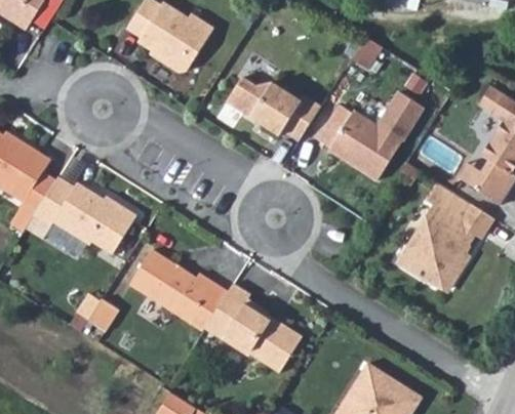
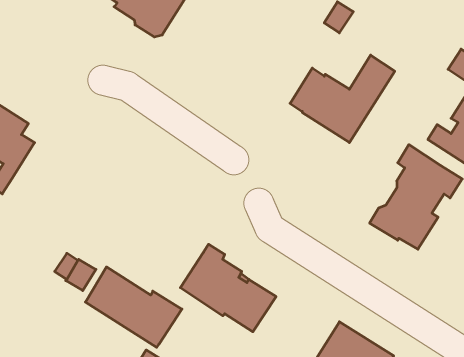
building: [227,77,321,140] -> none
building: [34,176,137,254] -> none
building: [130,249,229,331] -> [85,267,182,347]

